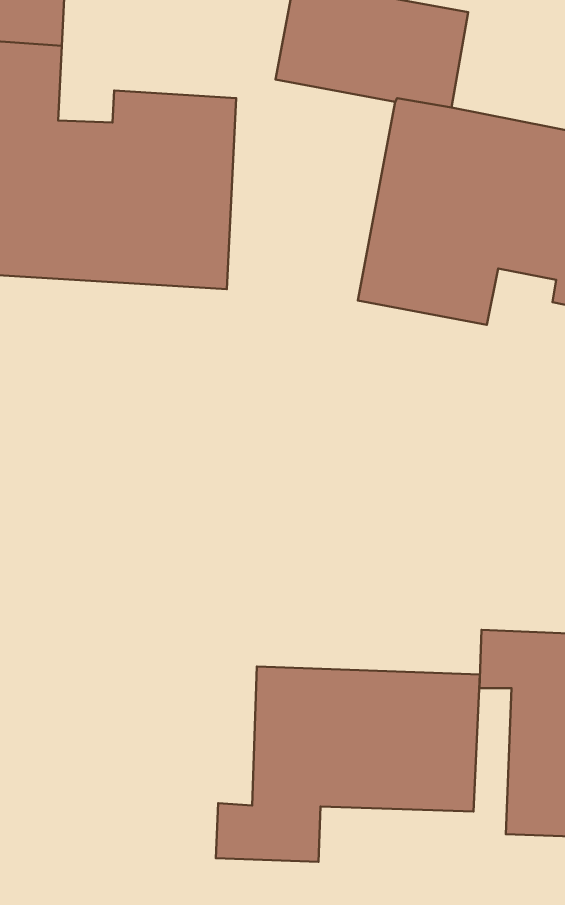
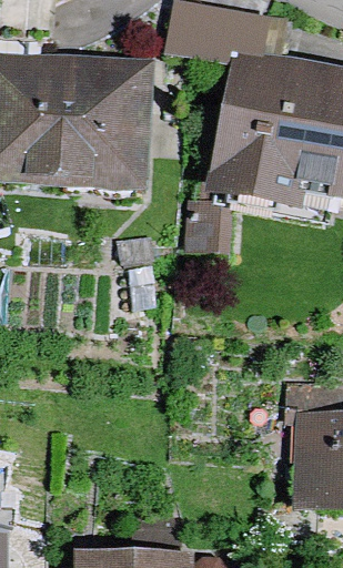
building: [216,666,480,862] -> none

